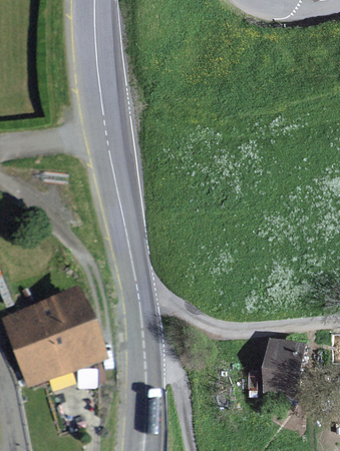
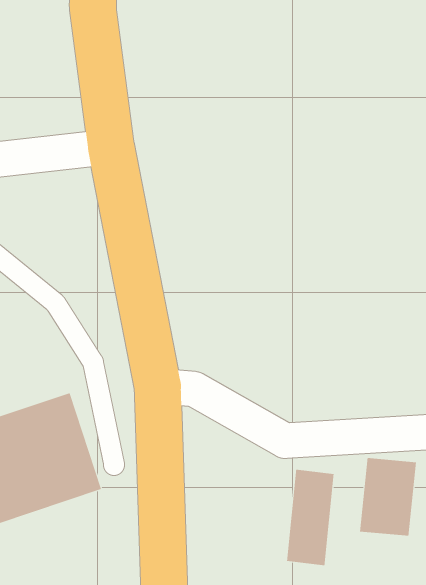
building: none -> [286,469,334,566]

